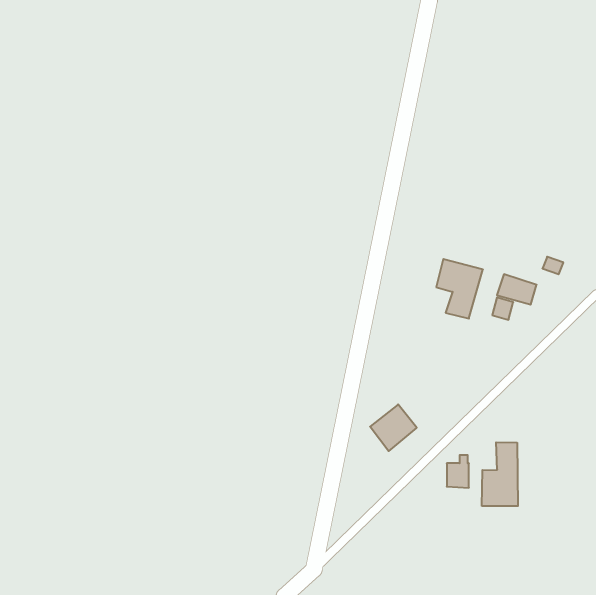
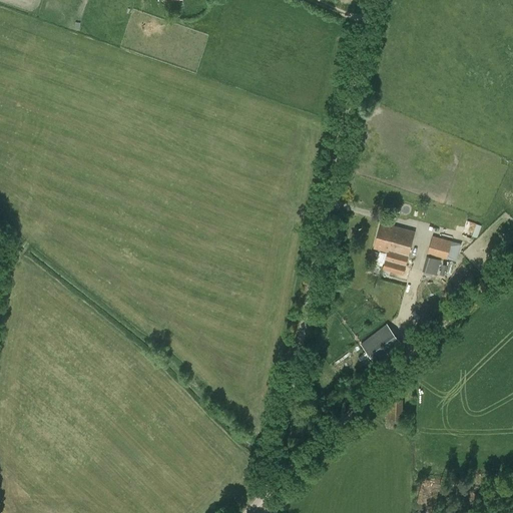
building: [370,404,417,451] -> [362,326,402,366]
building: [482,442,518,506] -> none

